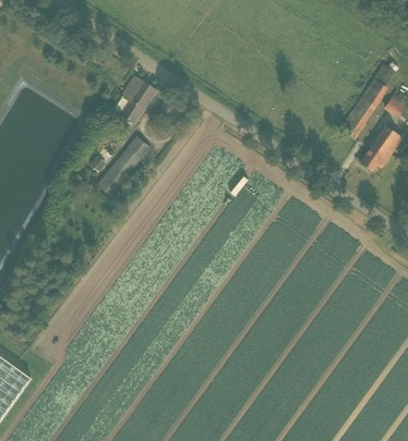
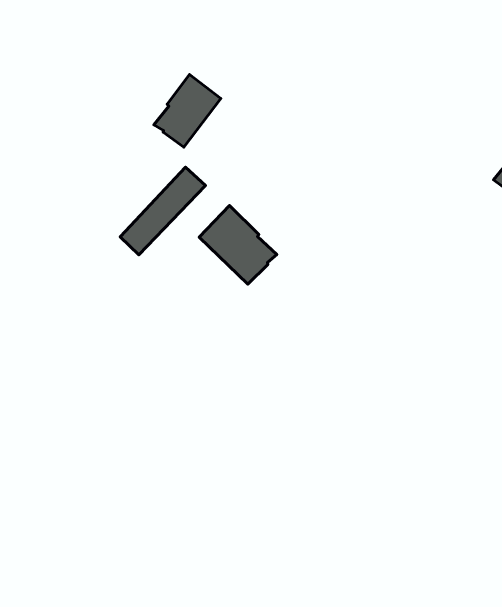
building: none -> [199,205,277,284]

